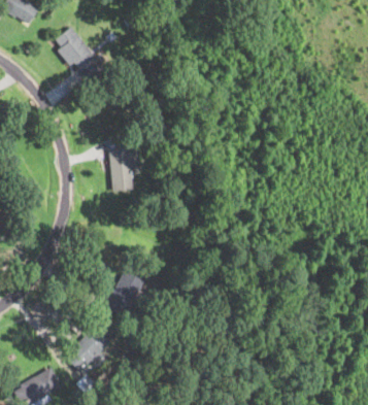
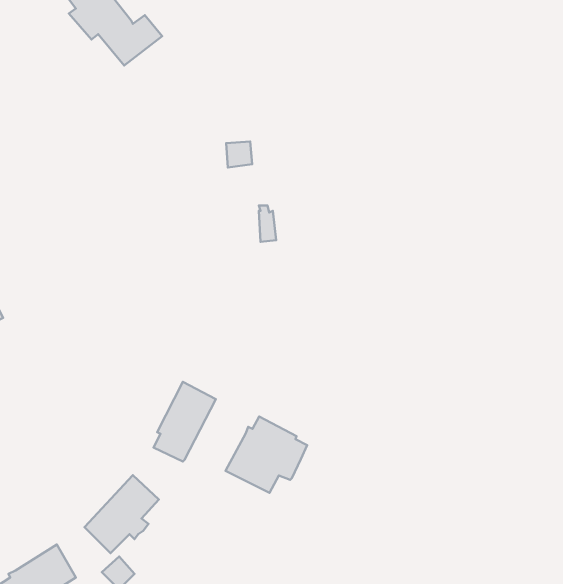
building: [109,145,135,190] -> none
building: none -> [225,416,307,493]

